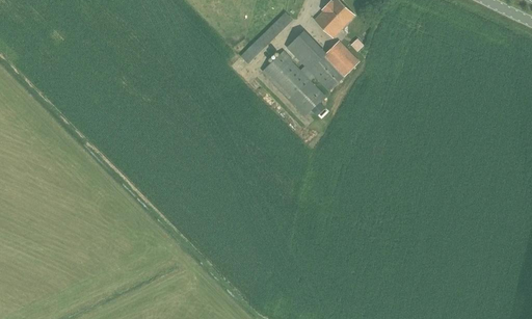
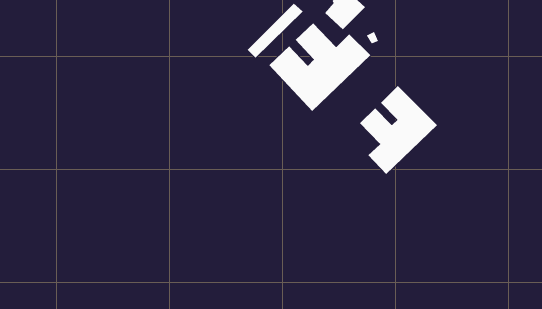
building: none -> [359,85,438,175]

